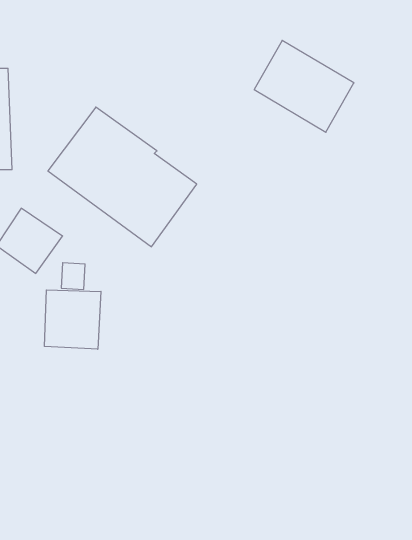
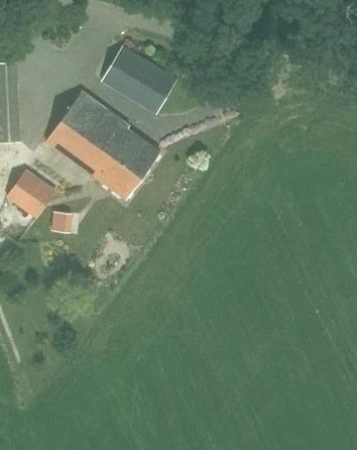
building: [254,40,354,132] -> [101,44,176,114]
building: [44,290,101,349] -> none

